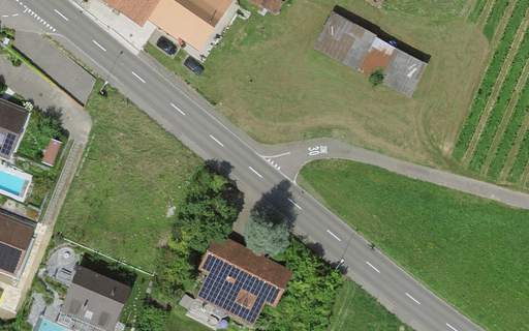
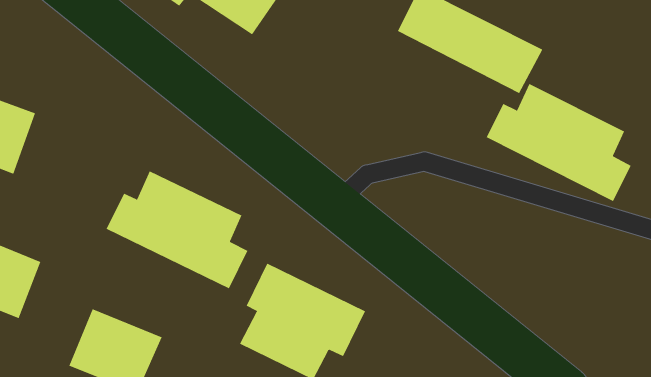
building: none -> [486,83,632,202]
building: none -> [106,170,248,289]

